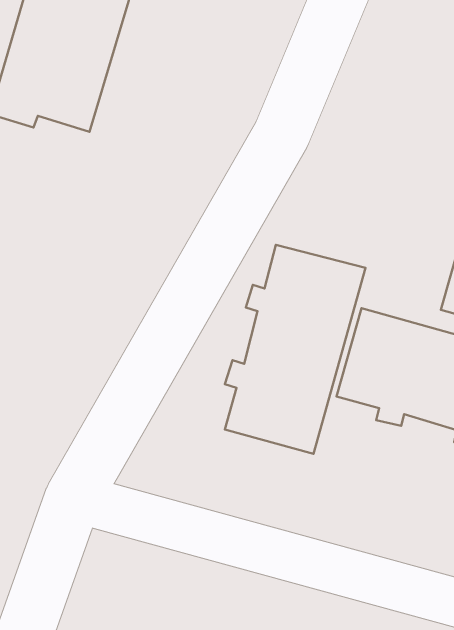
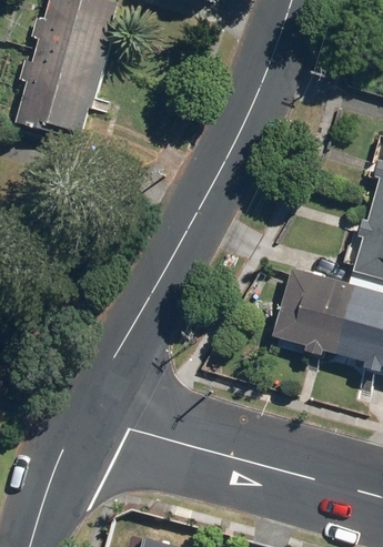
building: [225,245,365,454] -> none

